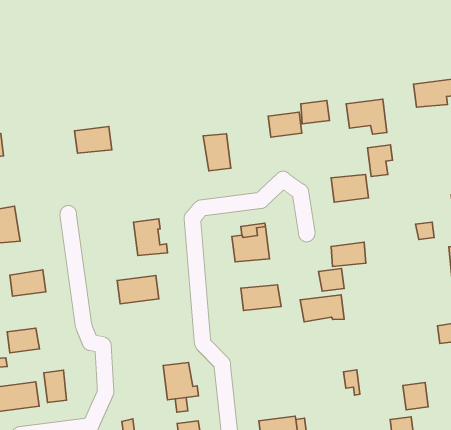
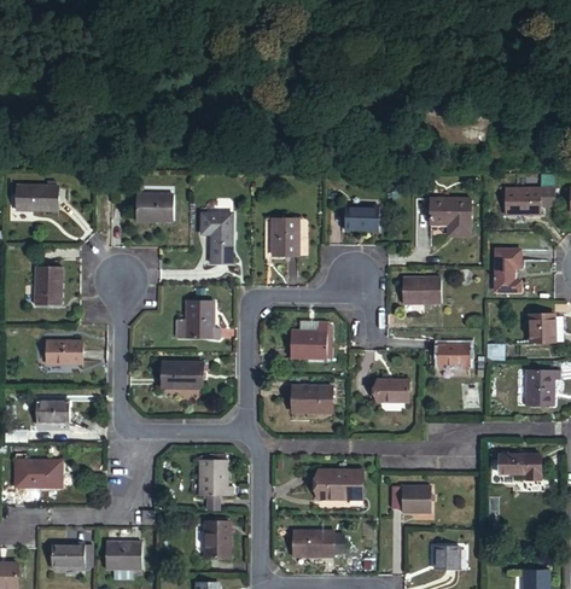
building: [301,100,329,124] -> none
building: none -> [199,212,232,256]
building: [367,145,393,176] -> [497,251,523,282]
building: [331,242,366,266] -> [438,345,476,368]
building: [300,295,344,322] -> [317,473,362,500]
building: [44,370,66,403] -> none
building: [403,383,428,410] -> [406,490,430,517]

